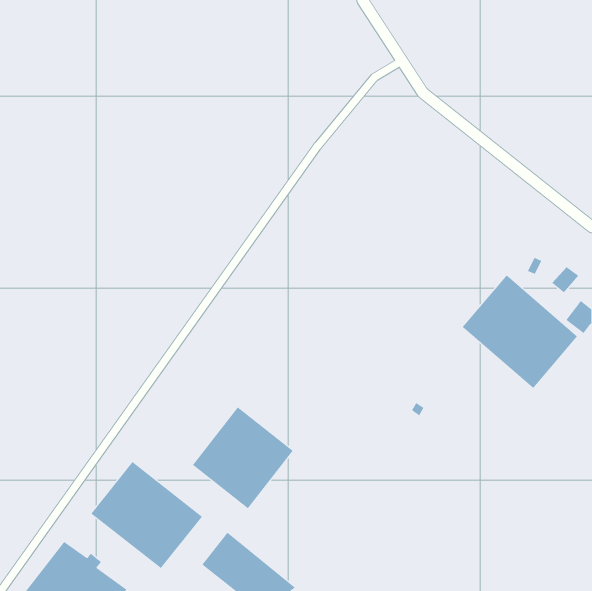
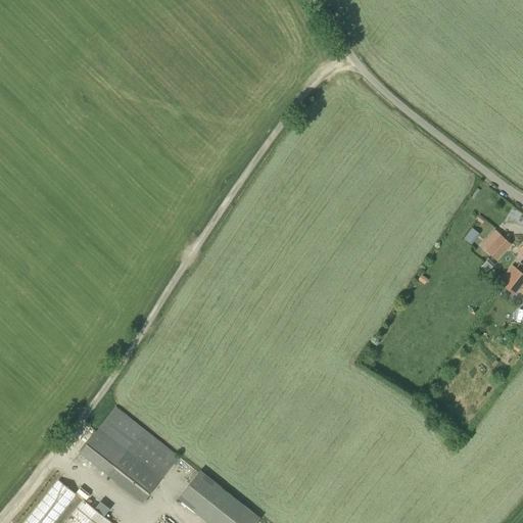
building: [462,275,578,389] -> none
building: [192,406,294,509] -> none

